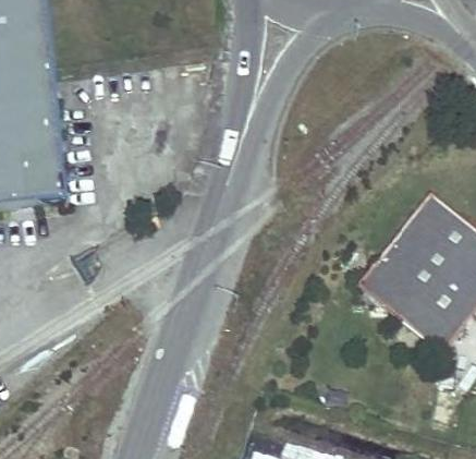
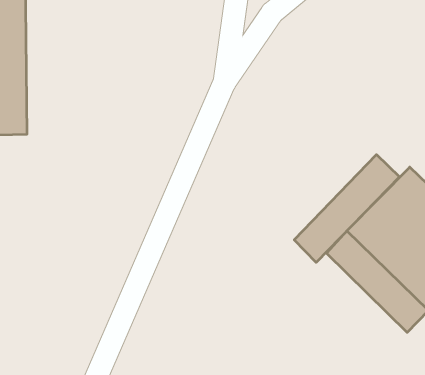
building: none -> [294,155,399,262]

